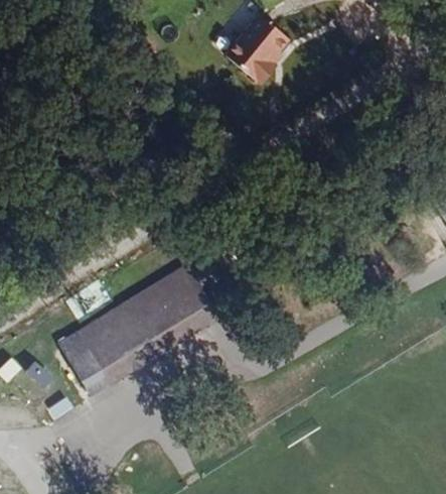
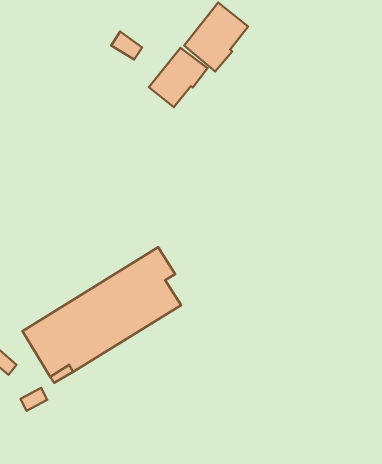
building: none -> [149,48,207,107]

